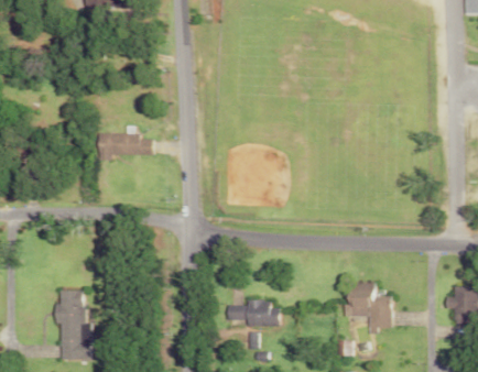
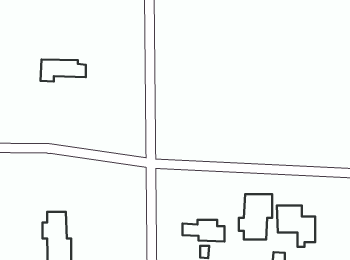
building: [98,133,154,161] -> [40,59,86,82]
building: none -> [239,194,272,240]

